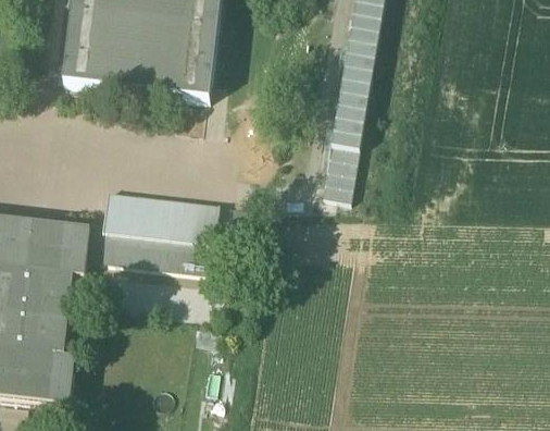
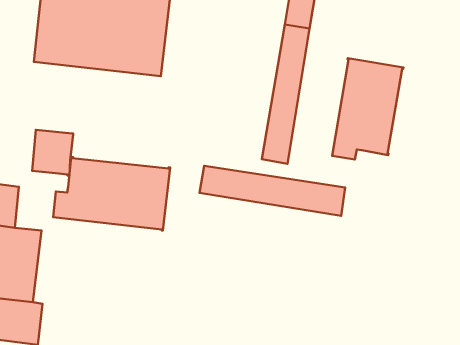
building: none -> [332,58,404,160]
building: none -> [200,166,345,216]
building: [41,222,88,274] -> [32,130,73,175]

